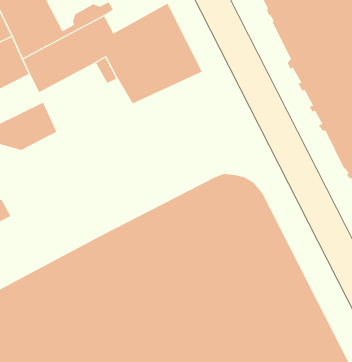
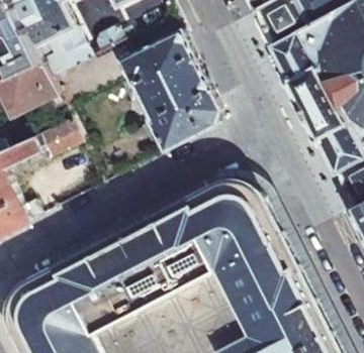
building: none -> [149,90,224,153]

